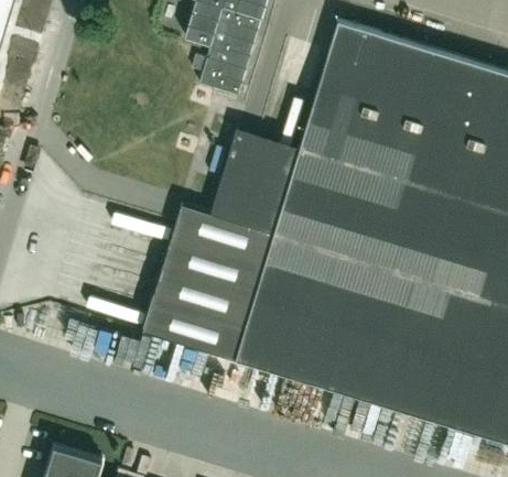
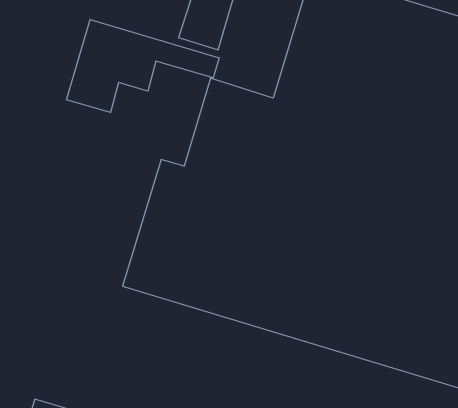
building: none -> [67,19,219,112]

